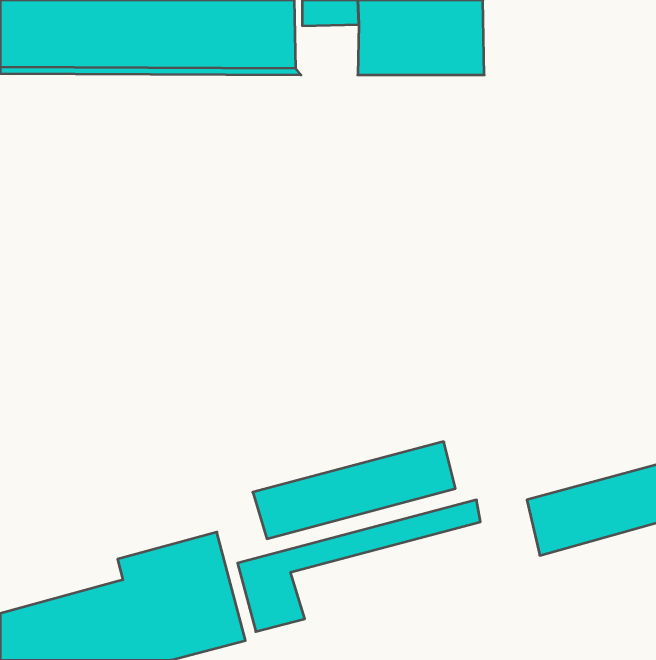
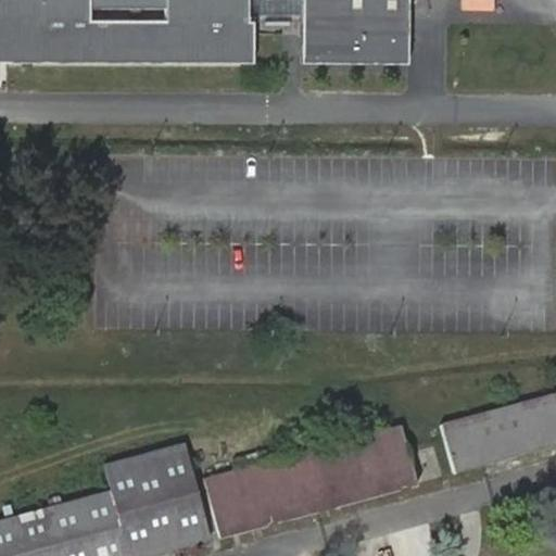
building: [253,442,455,539] -> [248,439,418,520]

